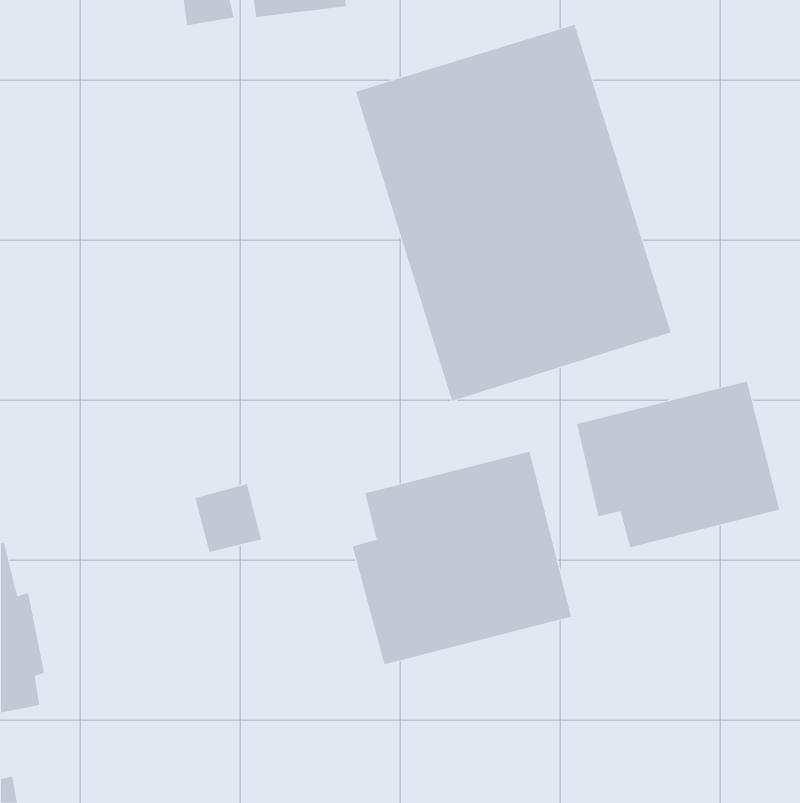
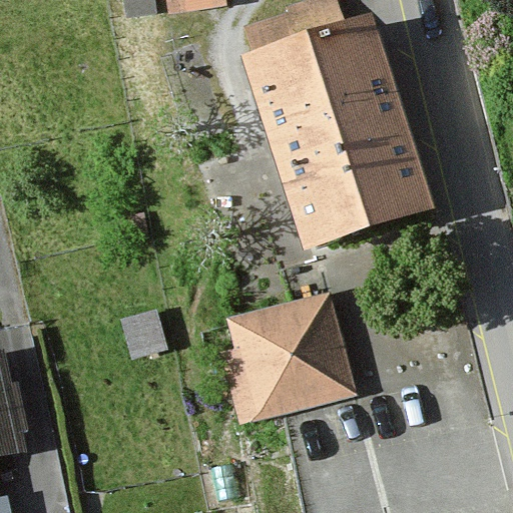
building: [576,381,780,548] -> none

